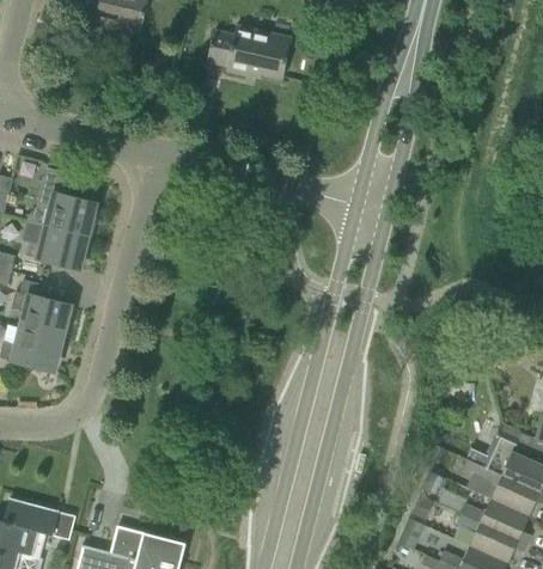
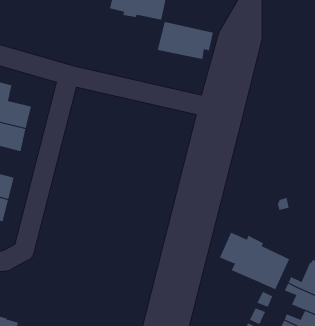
building: none -> [157,21,214,60]
building: none -> [219,232,290,290]

